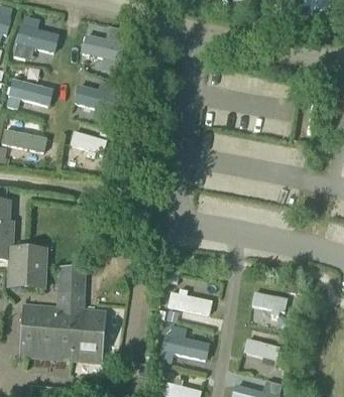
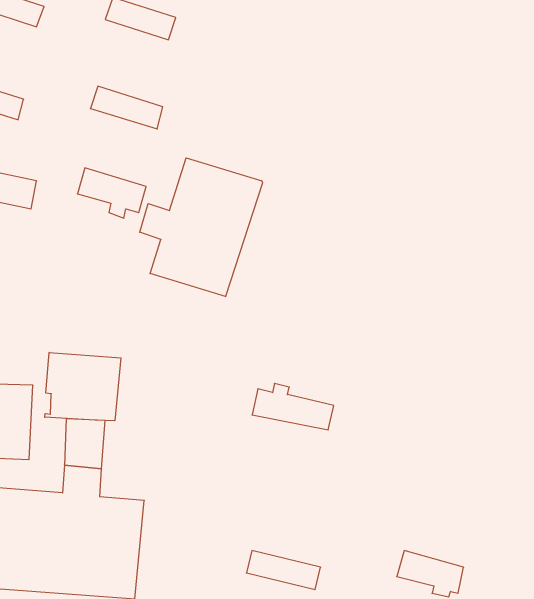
building: none -> [140,158,263,297]
building: none -> [45,352,121,421]
building: [167,288,212,313] -> [252,383,334,430]
building: [251,291,288,315] -> none

